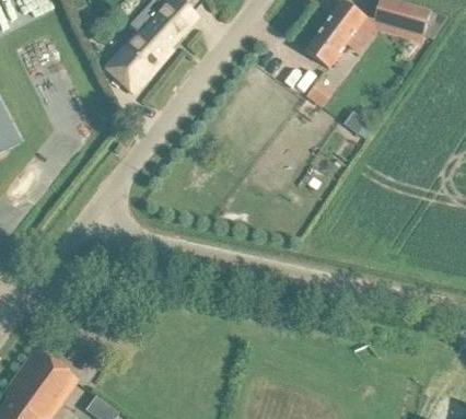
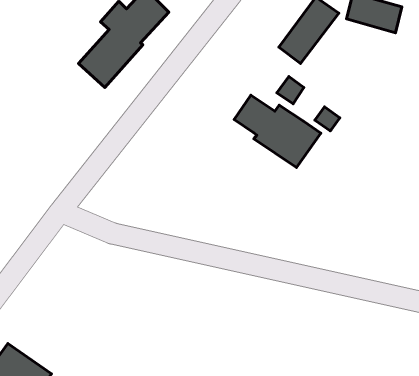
building: none -> [234,95,321,168]

